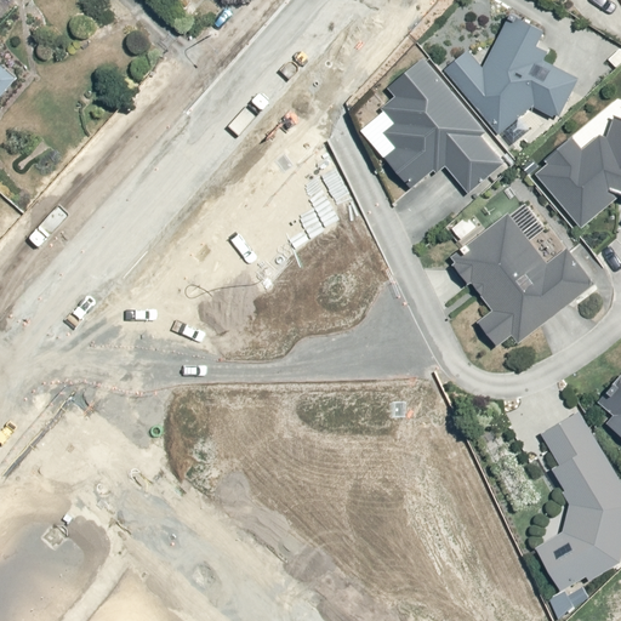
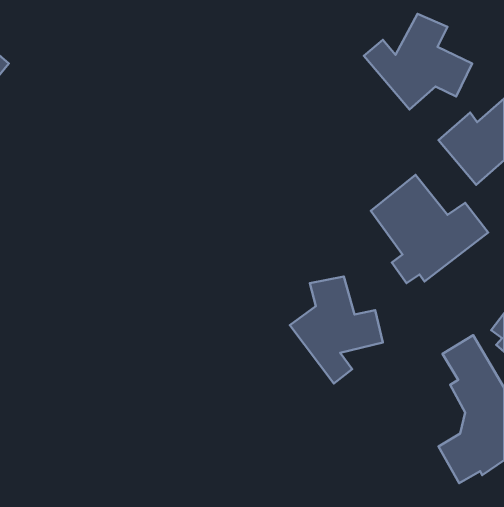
building: [381,57,503,193] -> none
building: none -> [290,277,383,383]

